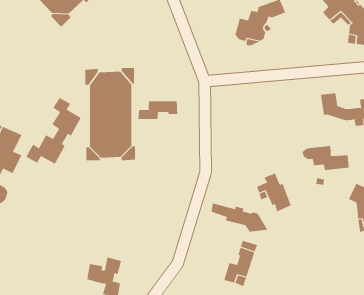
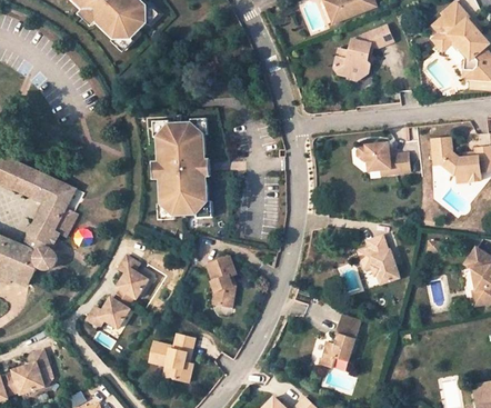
building: [25,97,81,164] -> [84,249,151,329]
building: [138,100,178,120] -> none
building: [302,145,349,171] -> [350,145,407,175]
building: none -> [206,258,234,308]
building: [211,202,268,233] -> none

